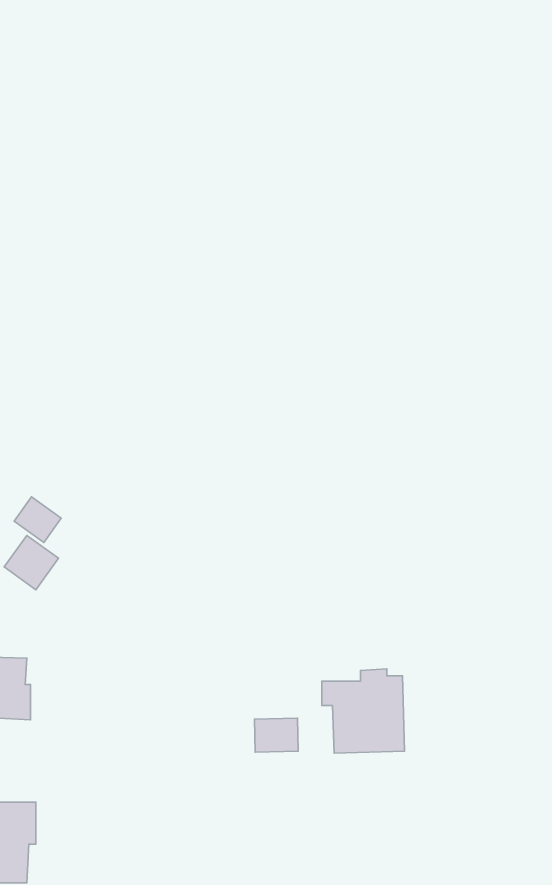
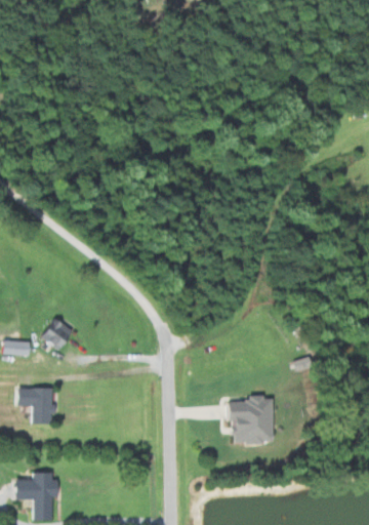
building: [14,497,61,542] -> none
building: [254,718,298,752] -> none

